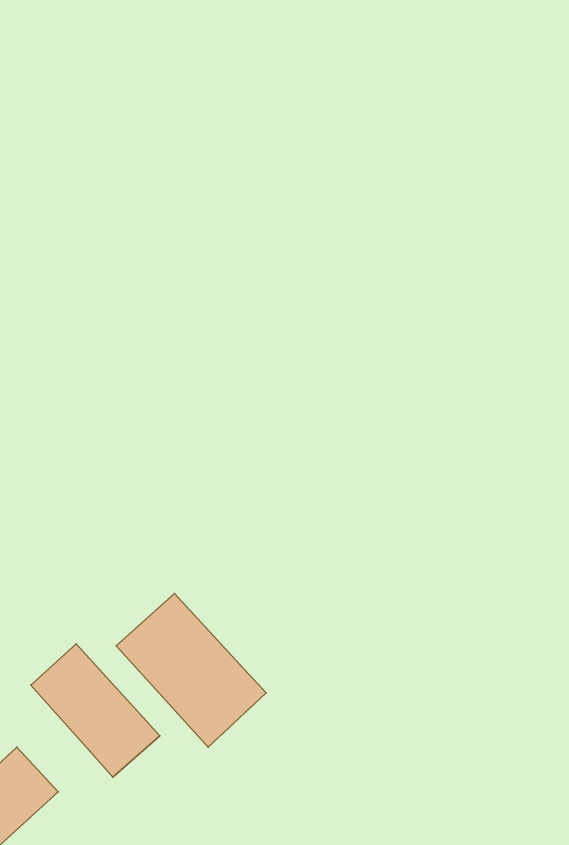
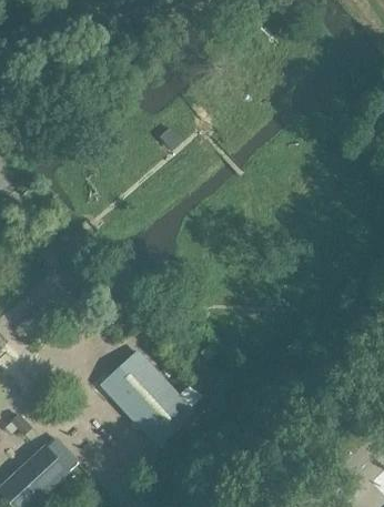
building: [31,644,160,777] -> none

